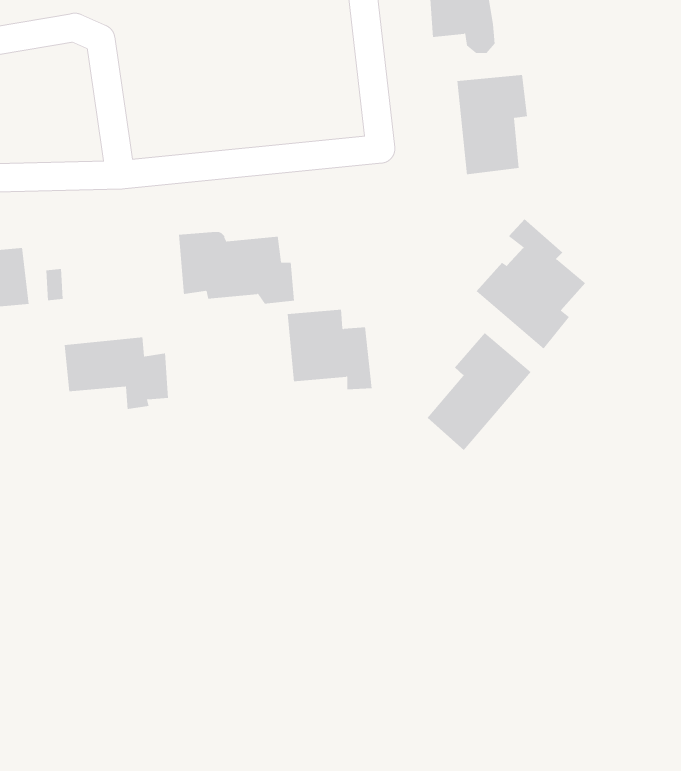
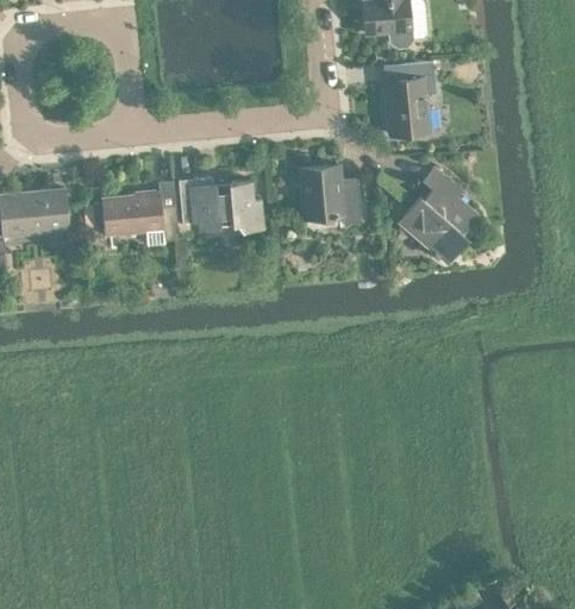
building: [287,309,372,390] -> [299,165,362,225]
building: [427,332,532,451] -> none
building: [64,337,169,409] -> [101,194,179,247]

